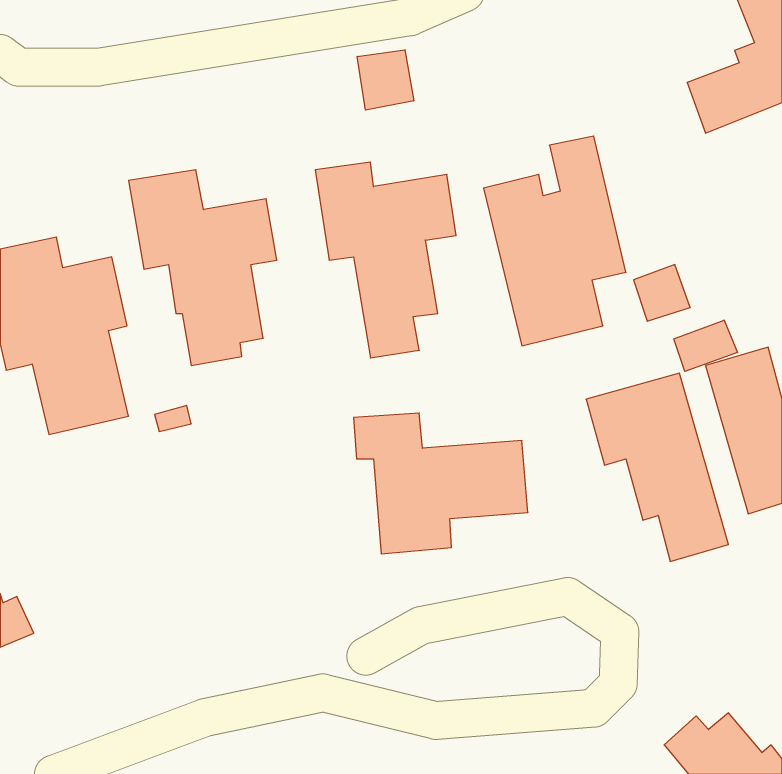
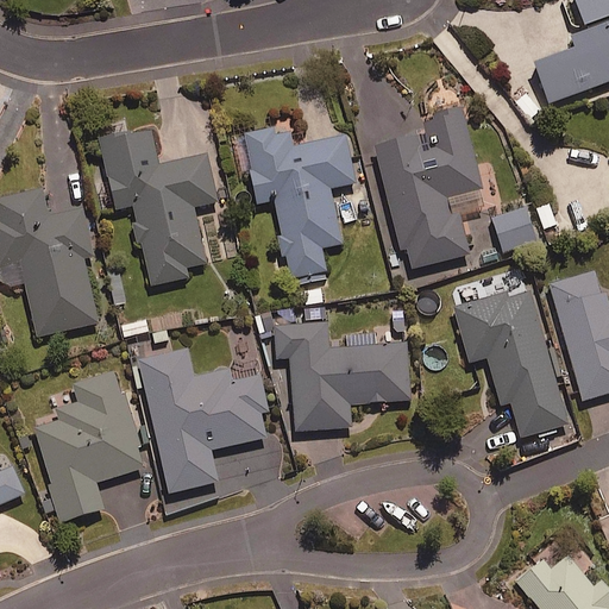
building: [357,50,414,110] -> none
building: [674,320,738,371] -> none
building: none -> [138,347,266,492]
building: none -> [34,371,144,522]

